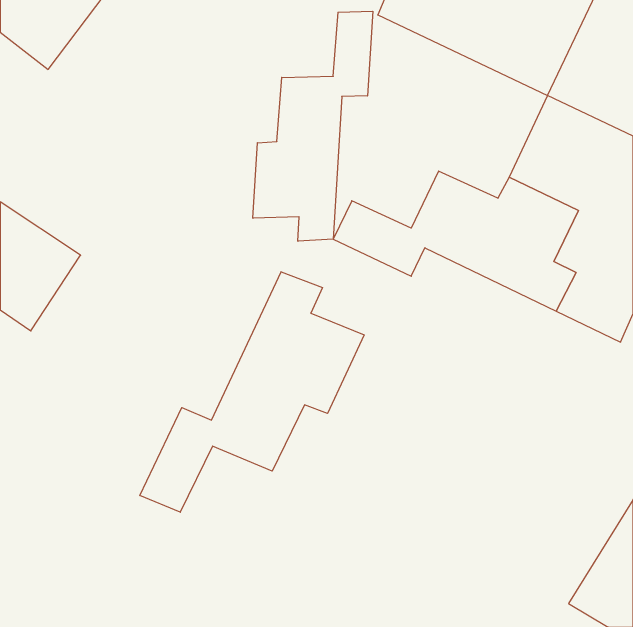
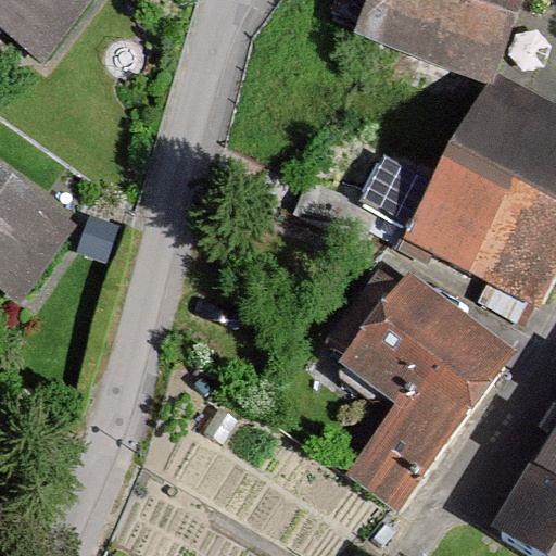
building: [253,11,373,241] -> none
building: [140,272,364,512] -> none
building: none -> [345,283,505,505]

